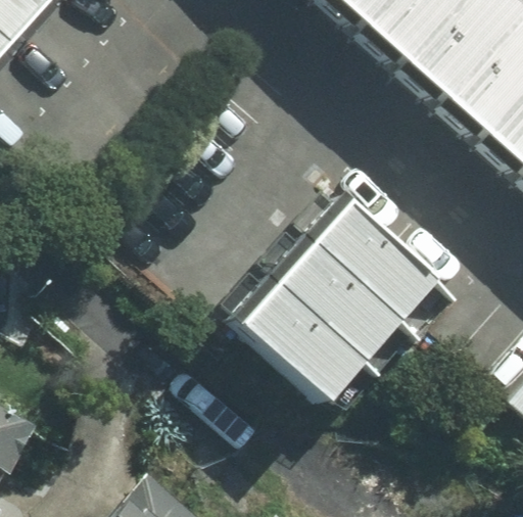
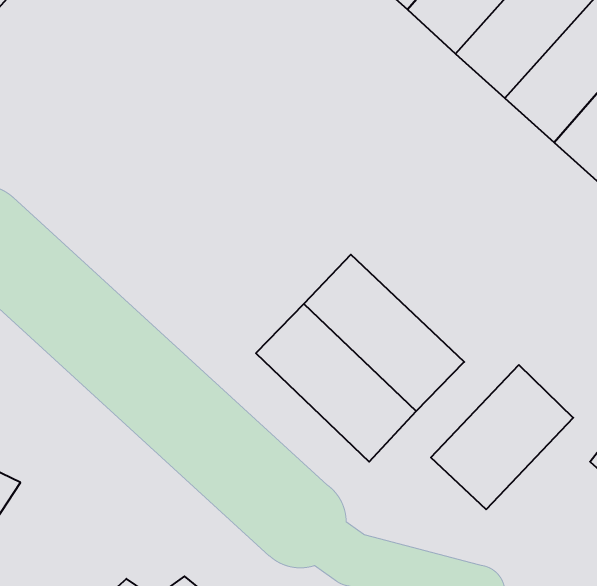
building: [312,190,445,321] -> none
building: none -> [431,365,573,509]

